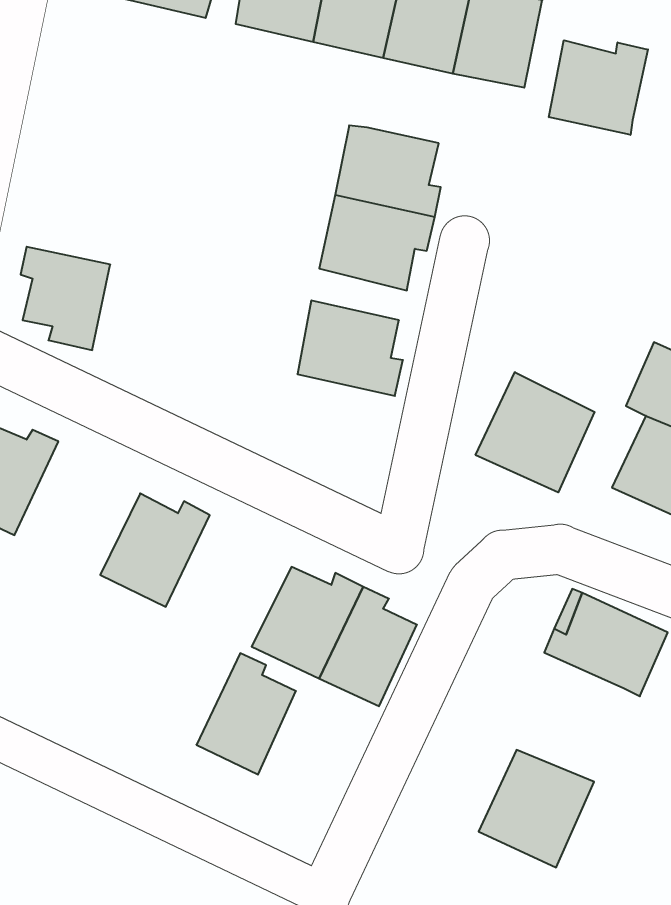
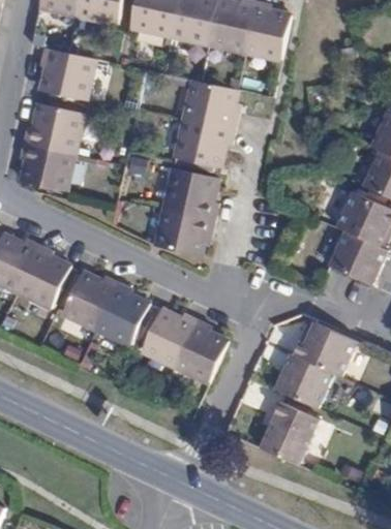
building: [549,40,648,135] -> none
building: none -> [41,46,88,96]
building: none -> [24,101,77,152]
building: [476,372,595,492] -> none
building: none -> [157,209,215,254]
building: none -> [18,244,70,307]
building: none -> [273,351,334,407]
building: [196,653,296,775] -> [96,282,148,345]

